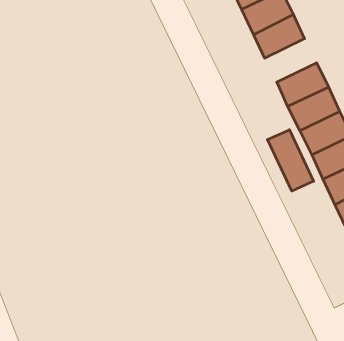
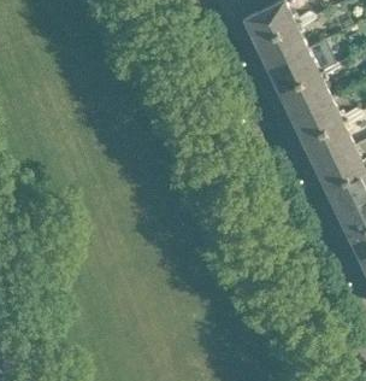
building: none -> [279,74,331,117]
building: [267,130,314,191] -> none

